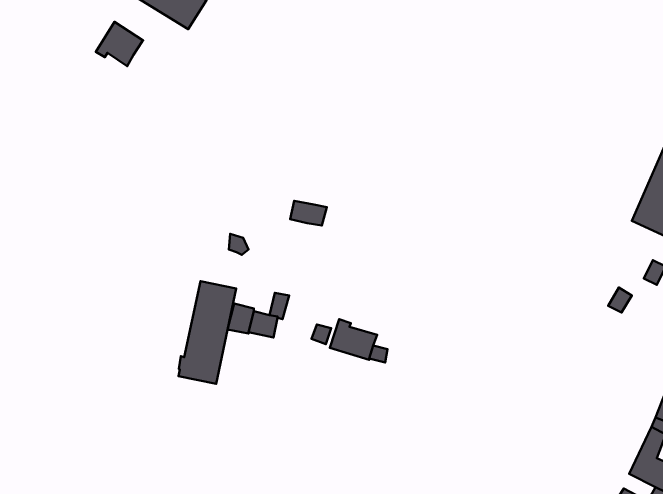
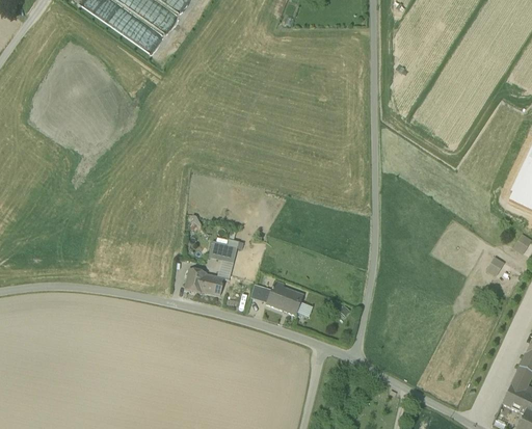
building: [96,22,143,66] -> none
building: [290,201,327,226] -> [209,242,238,262]
building: [178,281,236,384] -> none

